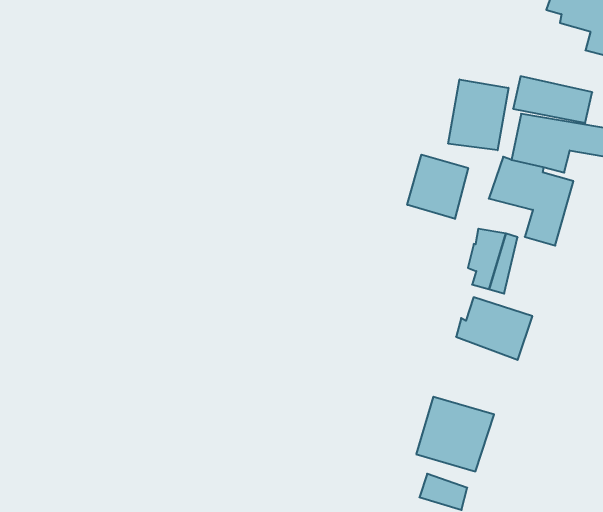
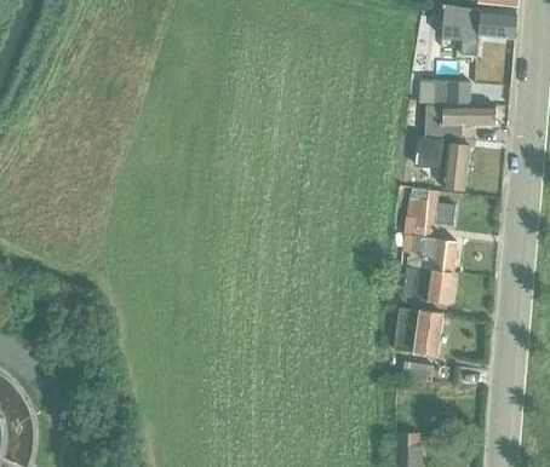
building: [448,79,508,150] -> none
building: [407,155,468,219] -> none
building: none -> [403,265,452,307]

